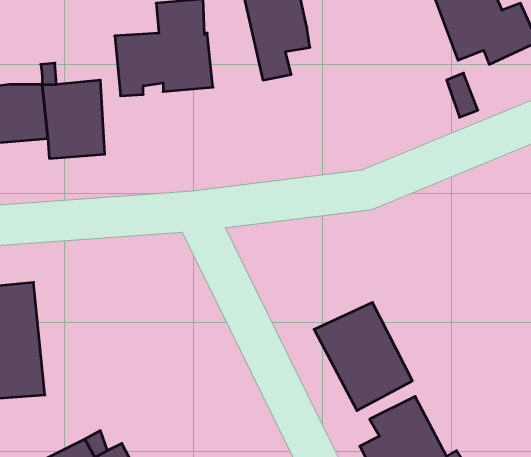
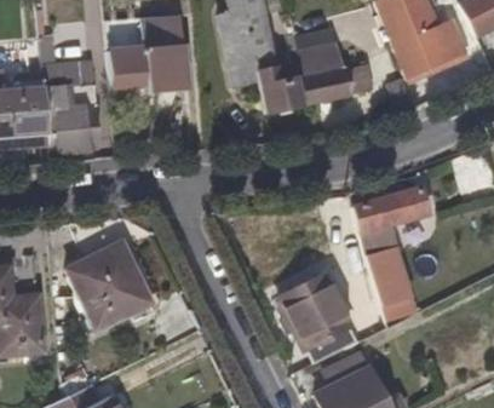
building: none -> [252,28,375,114]
building: none -> [355,186,430,329]
building: none -> [67,241,163,331]

